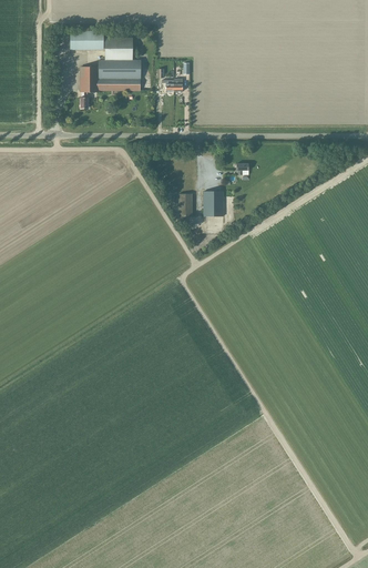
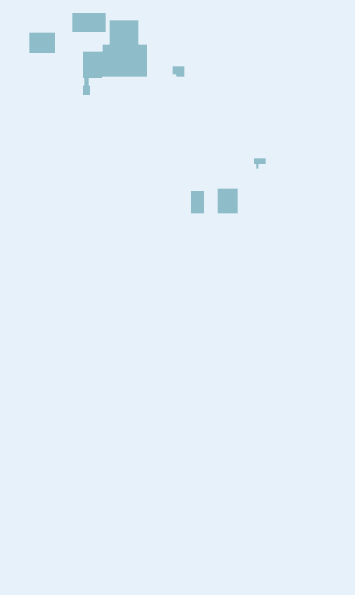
building: none -> [28,32,56,54]

